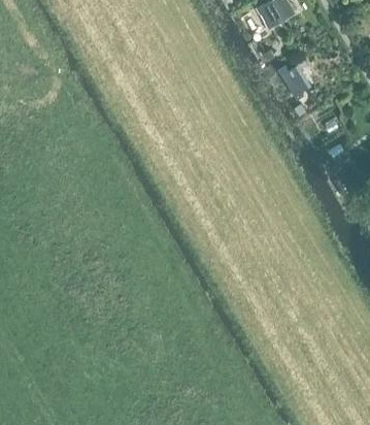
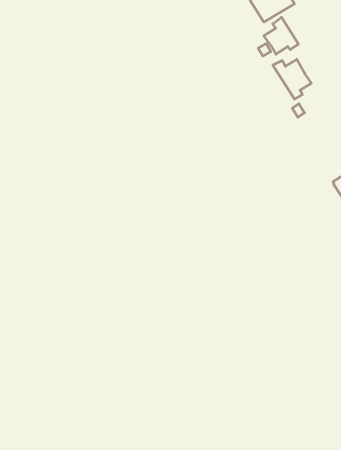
building: none -> [264,17,298,54]

